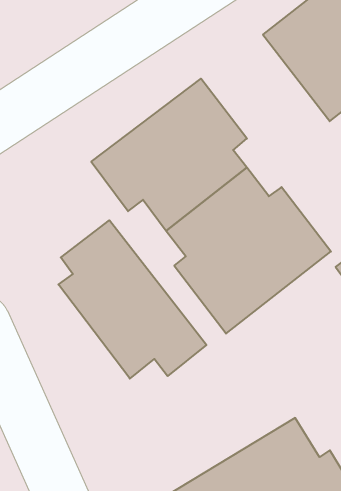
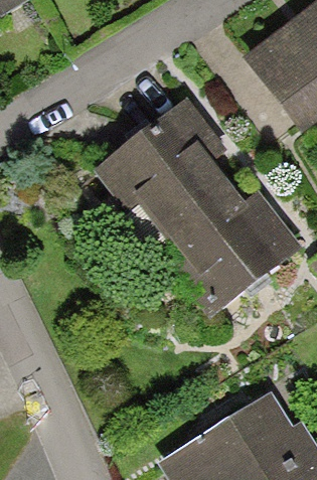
building: [58,220,206,379] -> none

